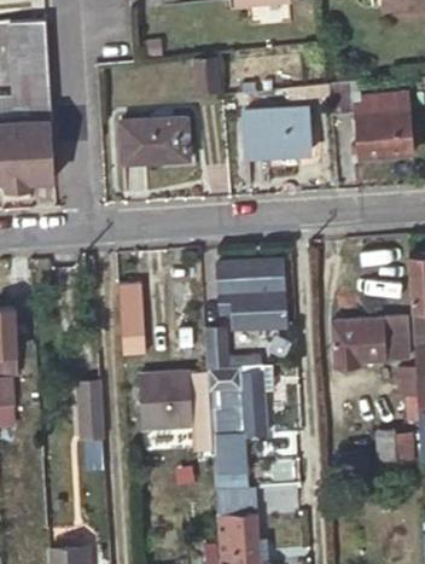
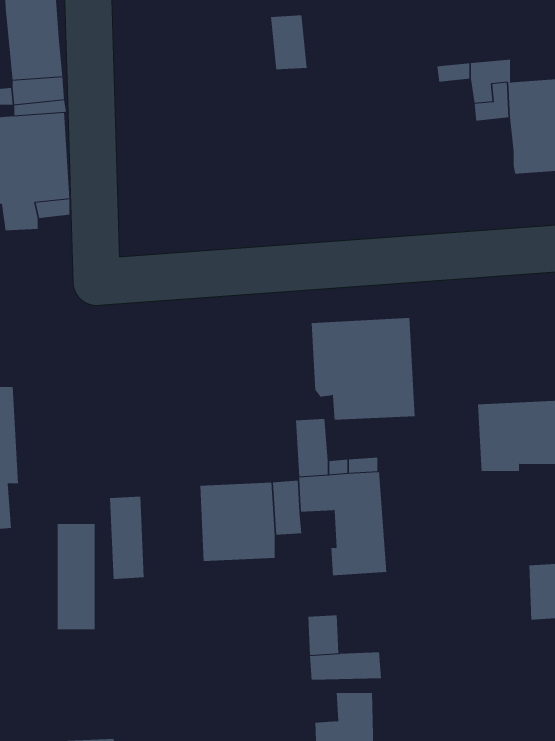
building: [241,111,307,156] -> none
building: [118,118,187,163] -> none
building: [117,286,144,359] -> [57,524,96,630]

